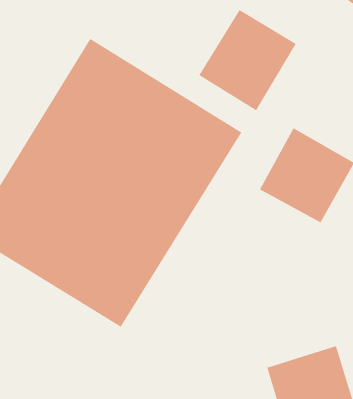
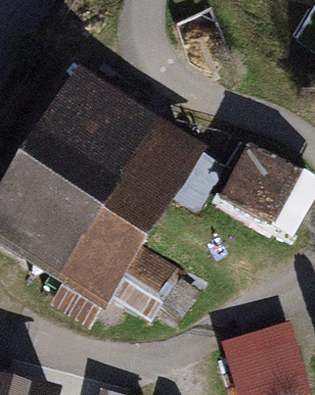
building: [198,9,297,111] -> none

